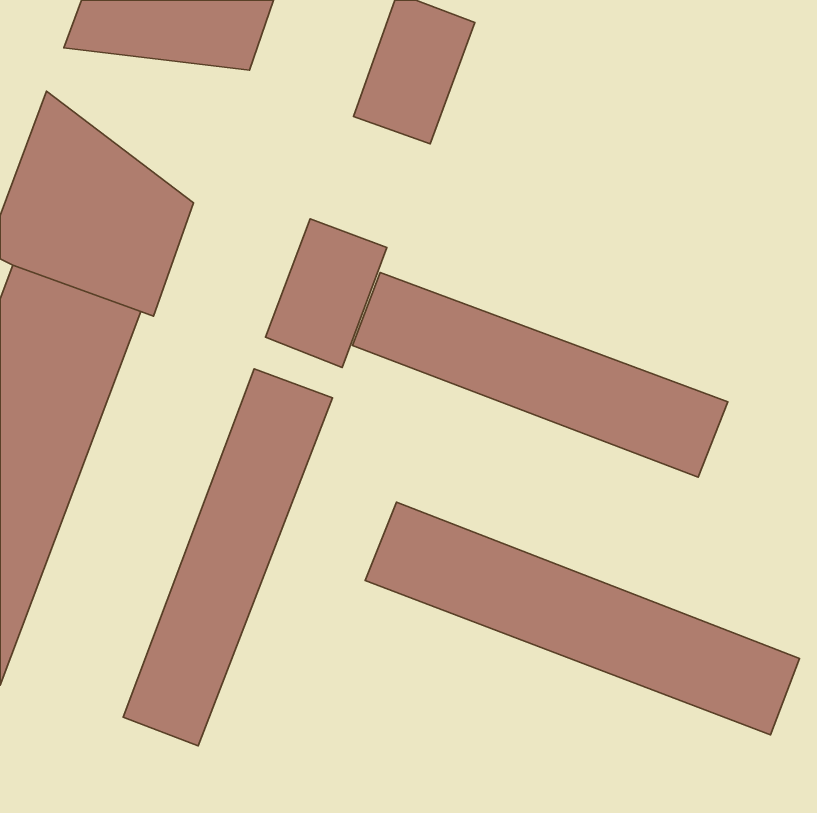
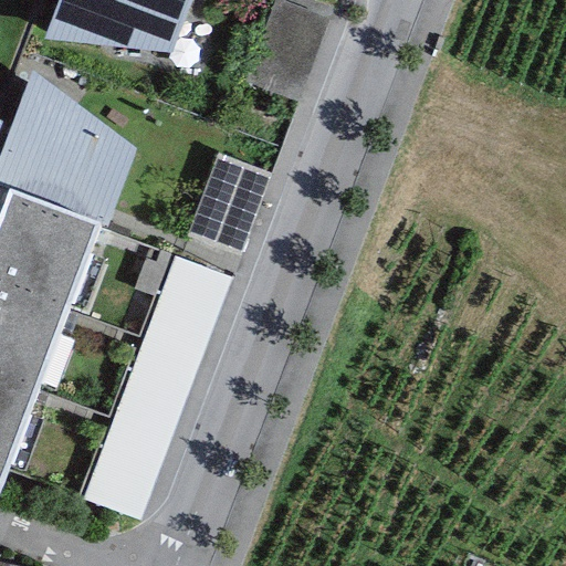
building: [353,272,728,477] -> none
building: [365,502,800,735] -> none

